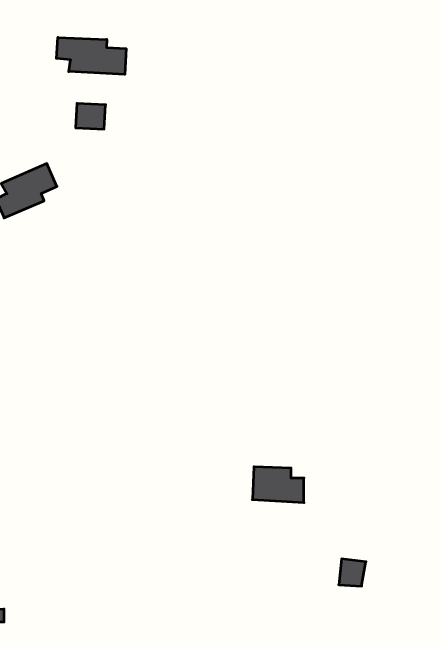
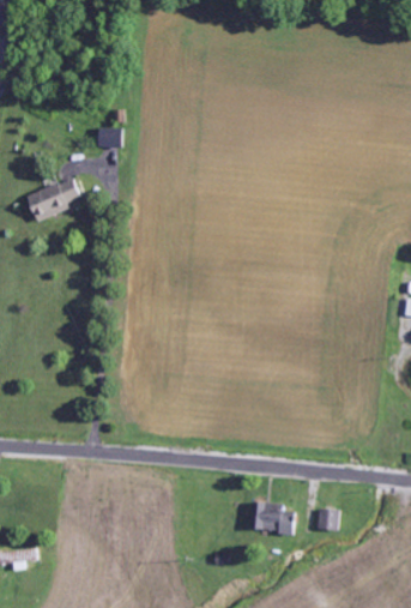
building: [56,37,126,74] -> none
building: [252,467,304,503] -> [250,501,294,531]

